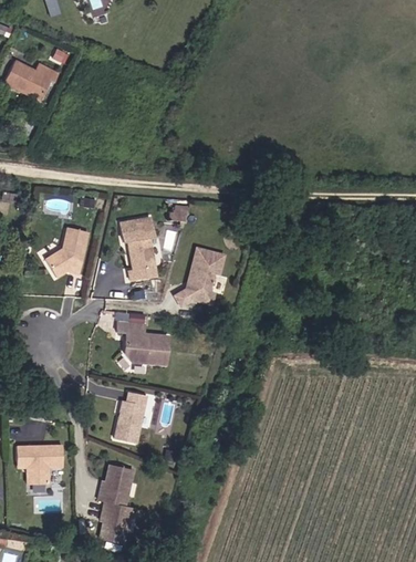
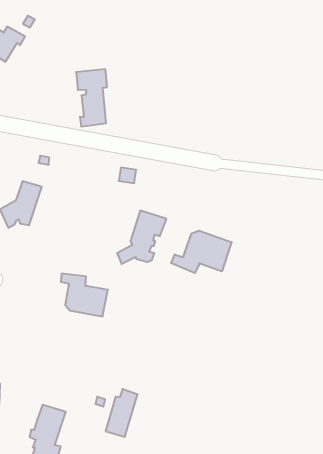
building: [119,217,156,280] -> [76,69,107,126]
building: none -> [171,231,232,273]
building: [114,392,145,443] -> [106,389,138,437]

